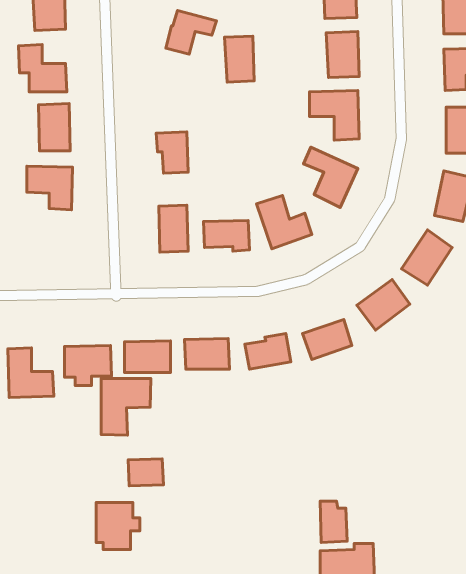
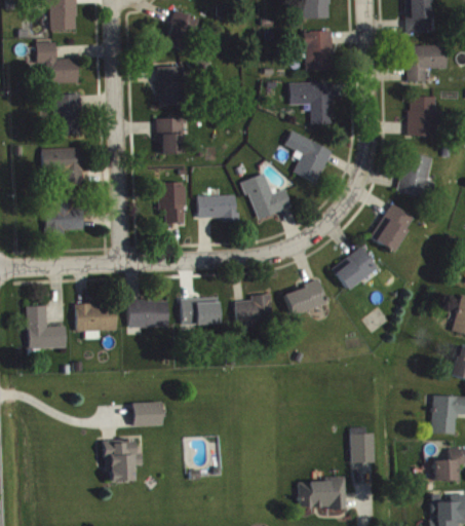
building: [225,36,254,82] -> [157,66,183,106]
building: none -> [47,197,83,232]
building: [101,378,151,435] -> none
building: [320,501,347,542] -> [351,427,375,463]

